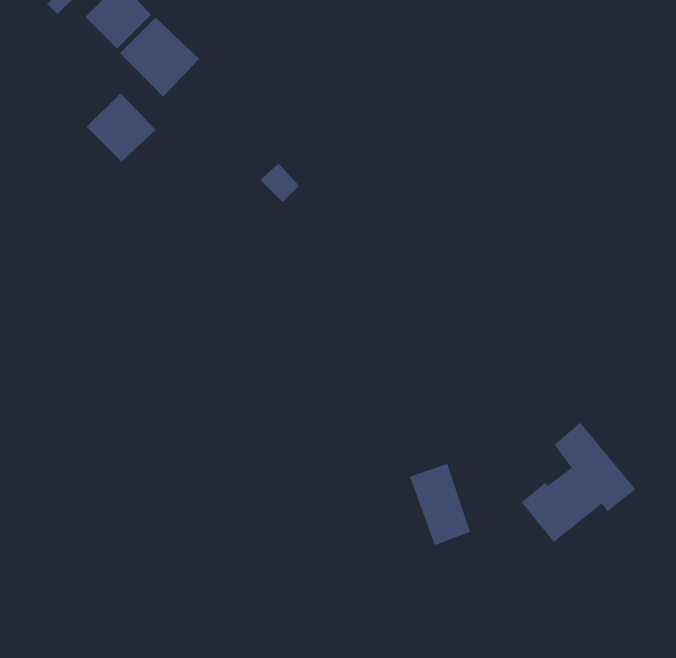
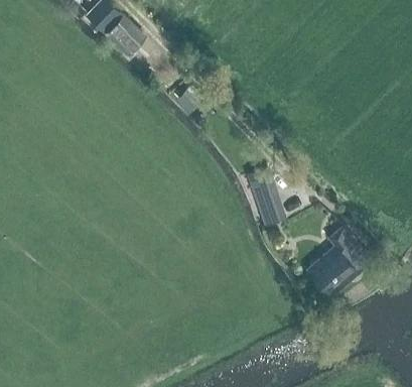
building: [86,92,156,163] -> none
building: [409,463,471,546] -> [252,182,284,226]

